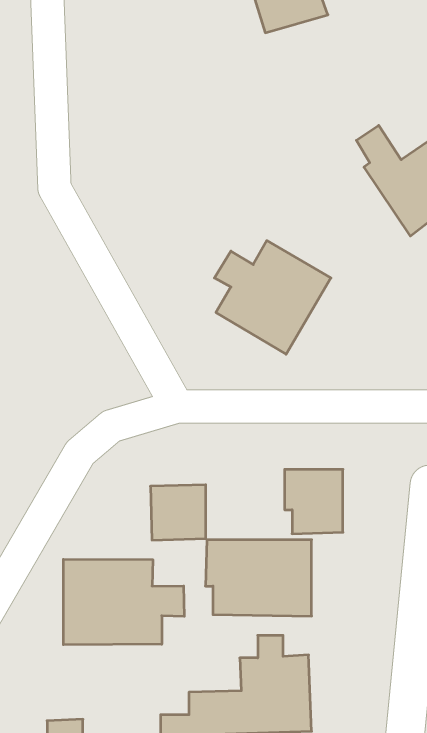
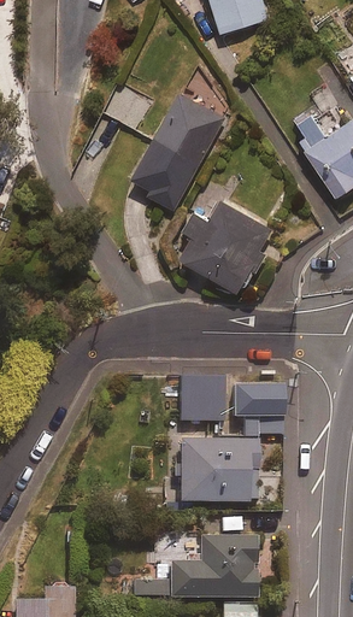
building: none -> [131,94,225,210]
building: [150,485,206,540] -> [178,377,223,422]
building: [63,559,184,645] -> none

